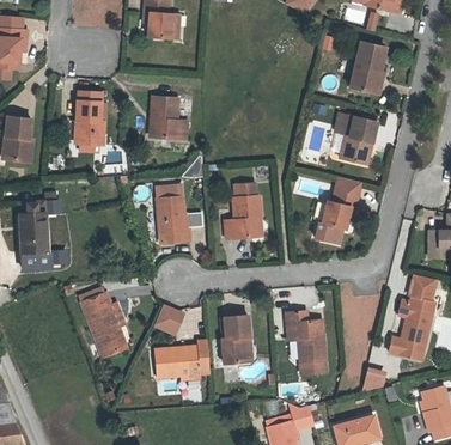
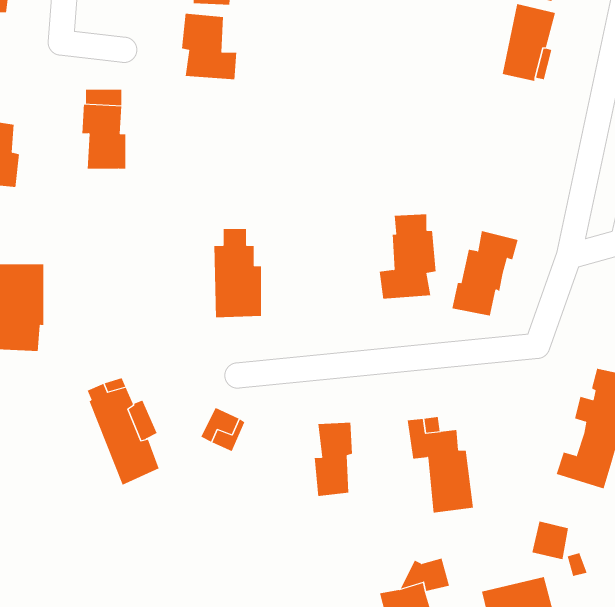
building: [151,108,187,151] -> [181,13,237,80]
building: [336,111,378,160] -> none
building: [225,182,262,237] -> [379,214,437,299]
building: [156,336,209,373] -> none

